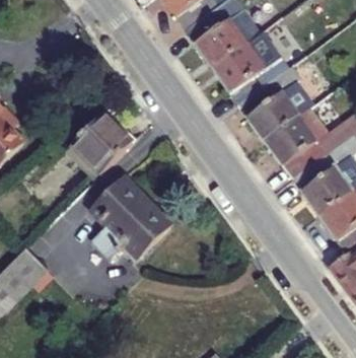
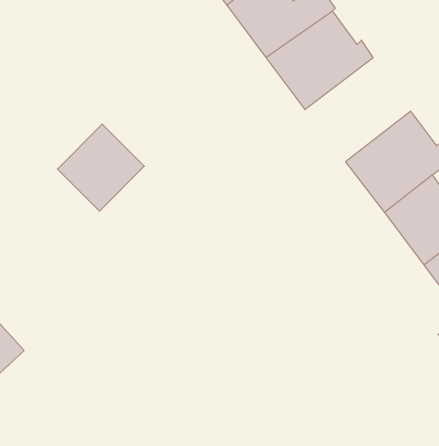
building: [242,71,316,144] -> none
building: [92,180,173,262] -> none

